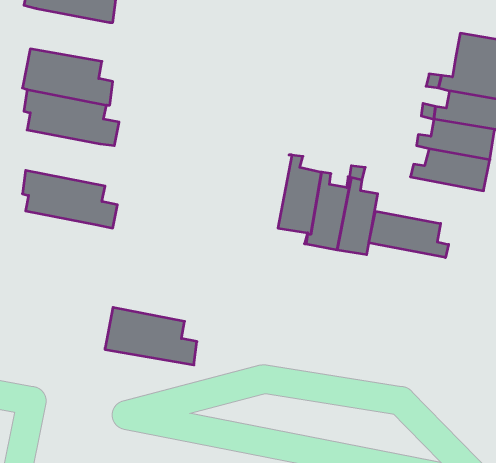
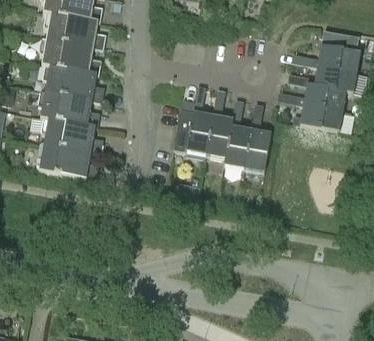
building: none -> [47,15,105,51]
building: none -> [40,93,99,129]
building: none -> [173,105,215,156]
building: [369,211,449,258] -> none
building: [105,307,197,365] -> [39,145,98,182]

